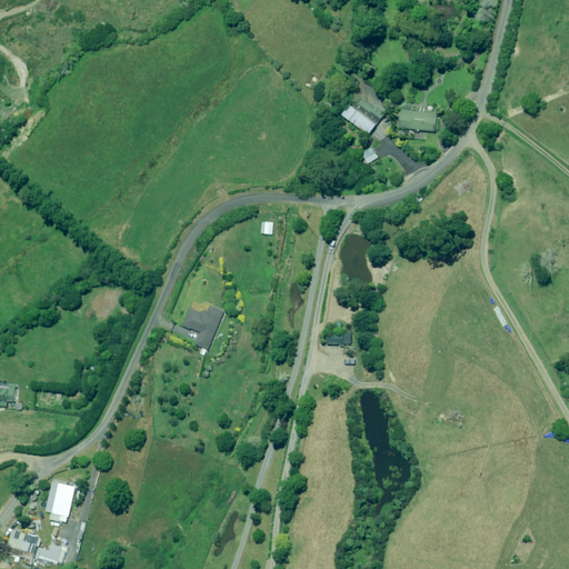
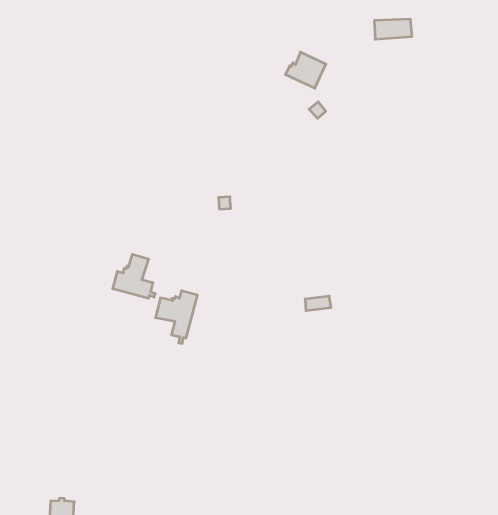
building: [399,110,436,131] -> [374,19,412,39]
building: none -> [113,254,155,298]

